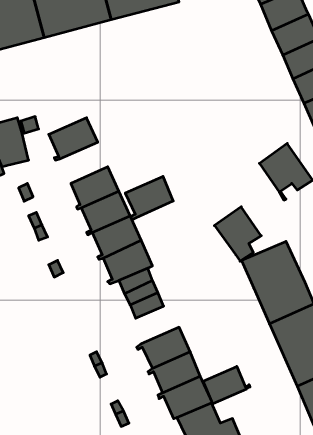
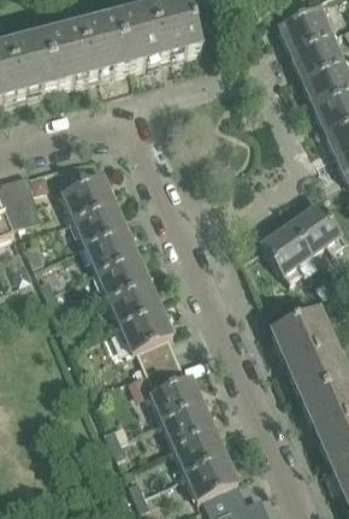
building: [125,176,173,220] -> [71,194,123,241]
building: [214,207,261,261] -> [258,217,308,276]
building: none -> [143,368,200,412]
building: [203,366,250,404] -> none

